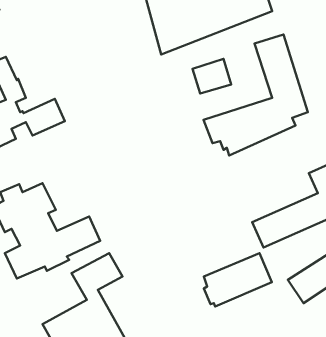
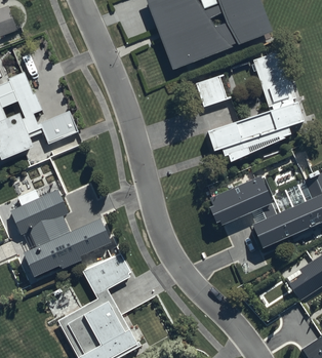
building: [204,253,272,306] -> [210,176,273,226]

